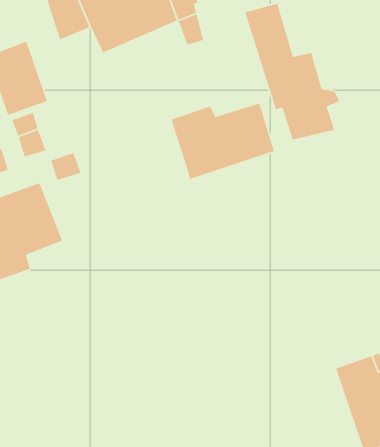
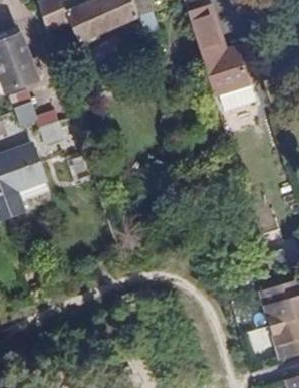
building: [171,102,275,180] -> none

